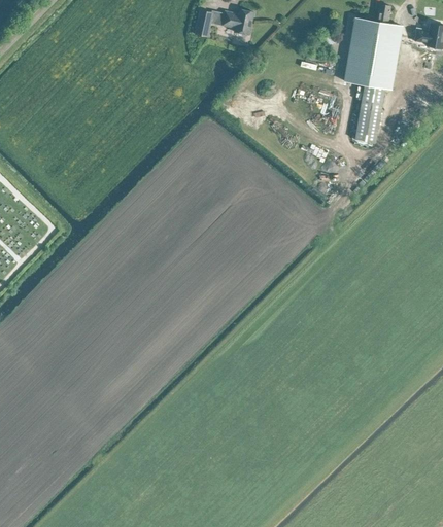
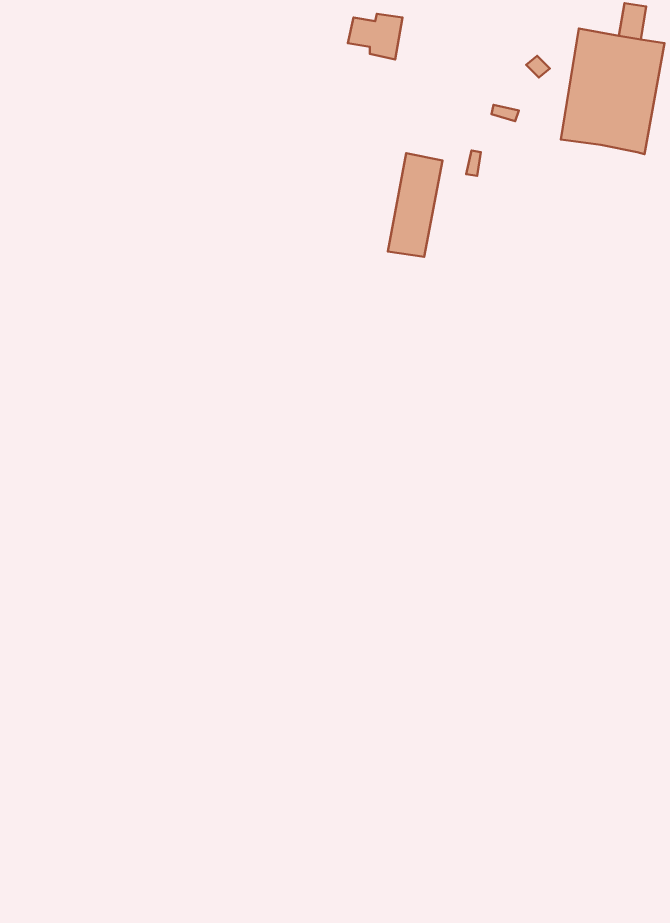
building: [194,9,213,37] -> none
building: [354,83,385,142] -> [388,153,442,257]

